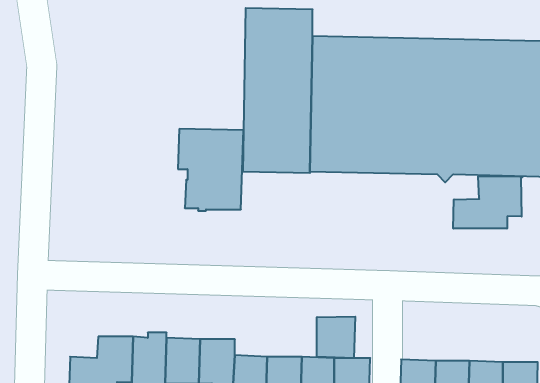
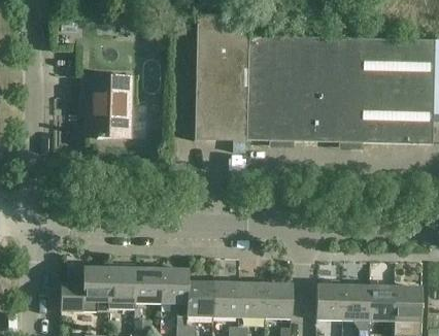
building: [178,129,244,211] -> [81,75,132,138]
building: [453,176,522,229] -> none
building: [317,317,355,358] -> none

